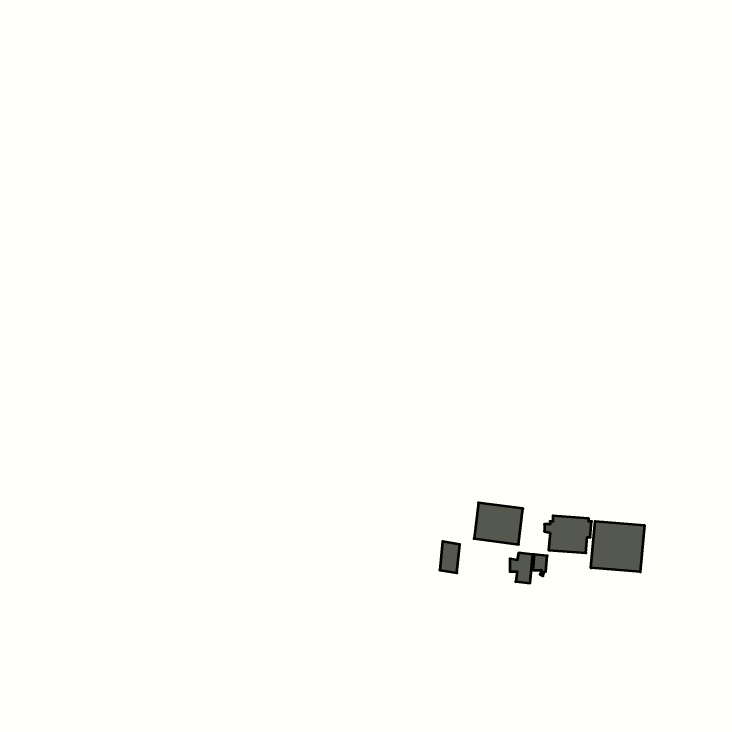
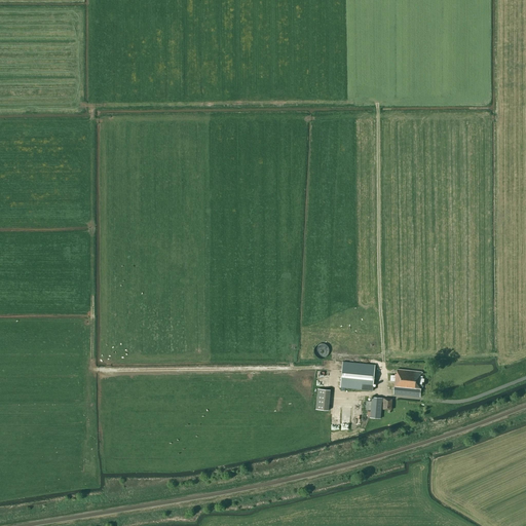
building: [591,521,644,572] -> none

